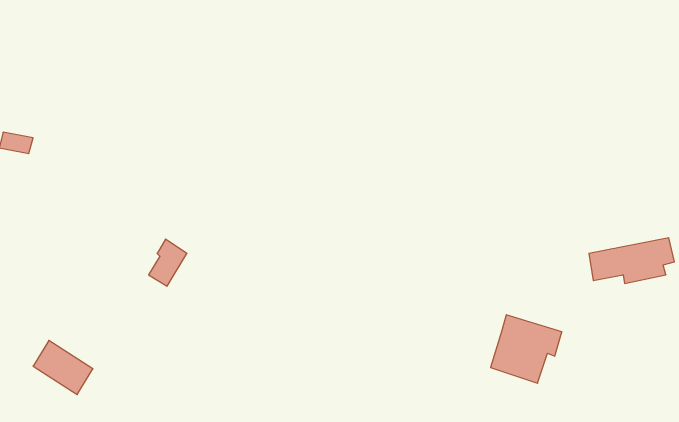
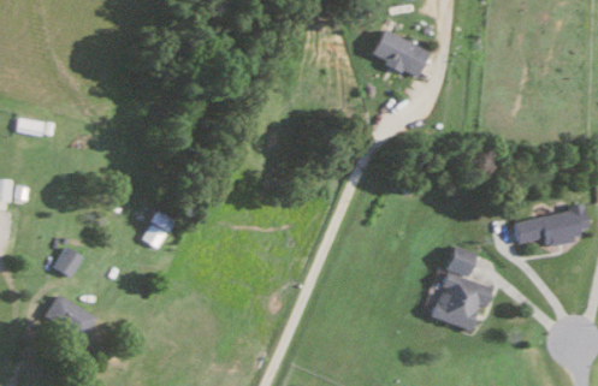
building: none -> [369,29,430,78]
building: none -> [443,245,475,278]
building: none -> [53,247,83,278]

